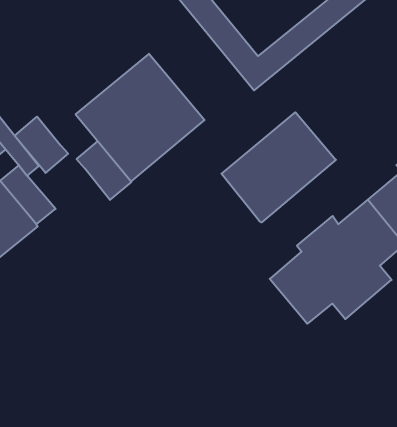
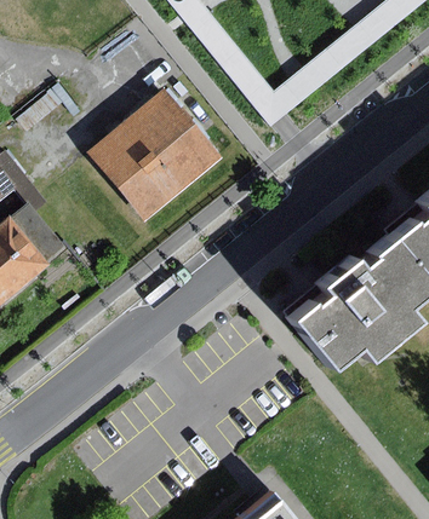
building: [221,112,336,222] -> none
building: [15,117,68,173] -> none
building: [77,141,131,200] -> none

